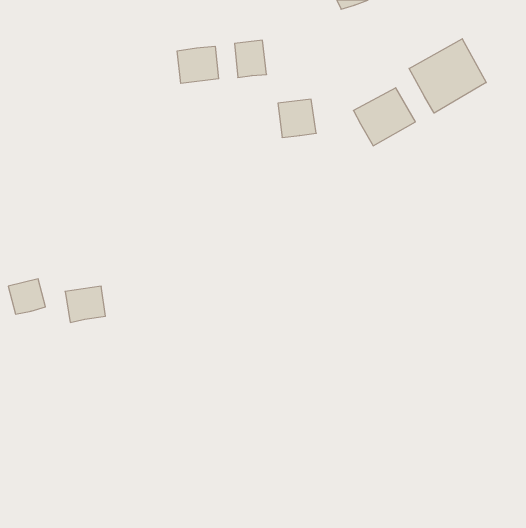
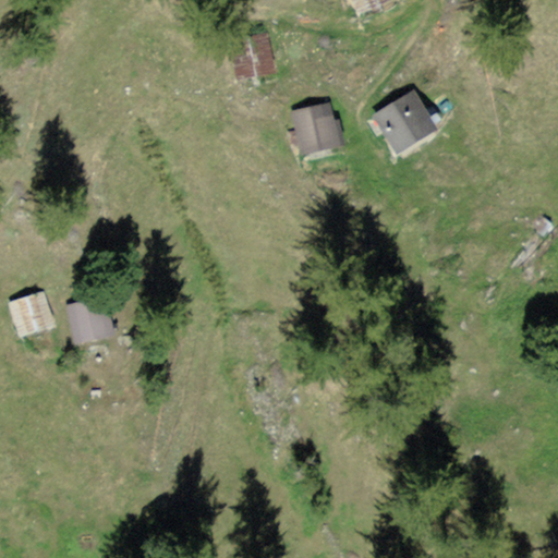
building: [409,39,486,113] -> none
building: [177,46,219,83] -> none

